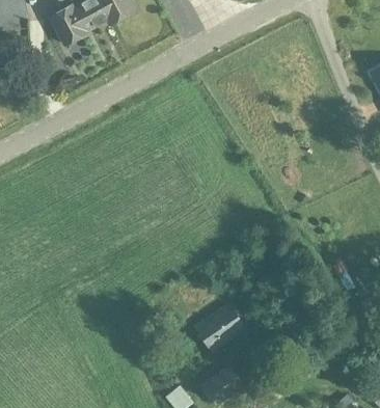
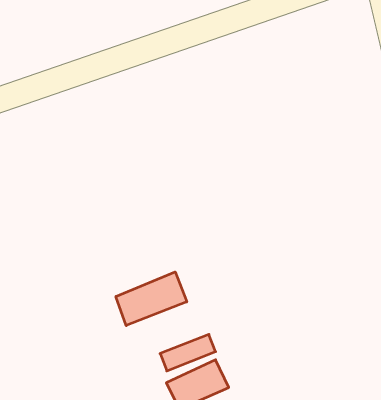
building: none -> [116,272,187,326]

